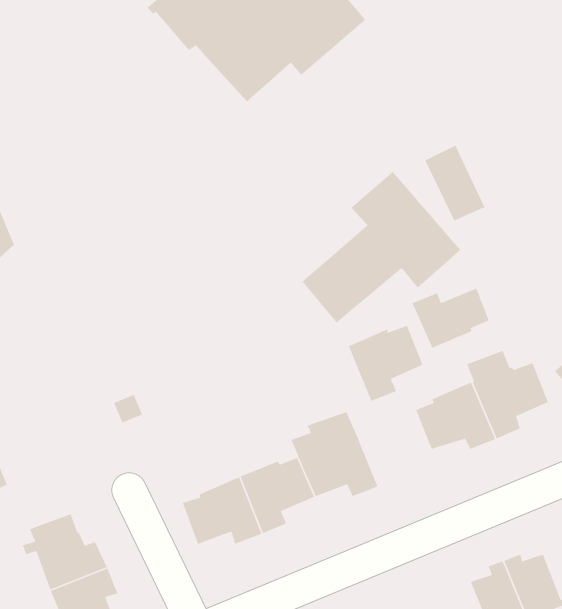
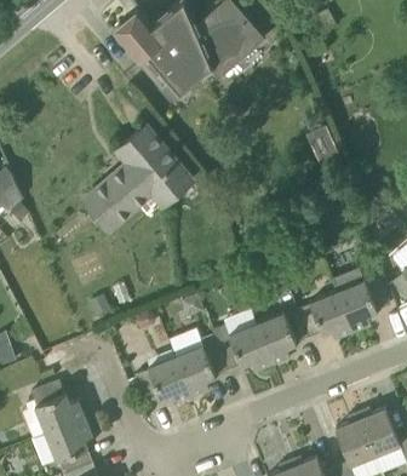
building: [301,171,461,324] -> [82,125,193,230]
building: [411,288,490,349] -> none
building: [348,325,423,402] -> [256,310,308,363]

